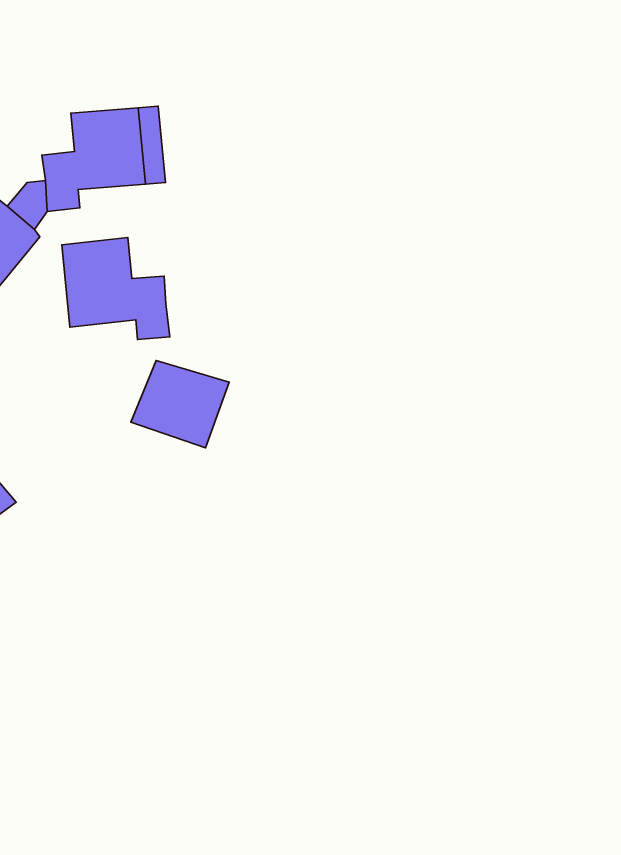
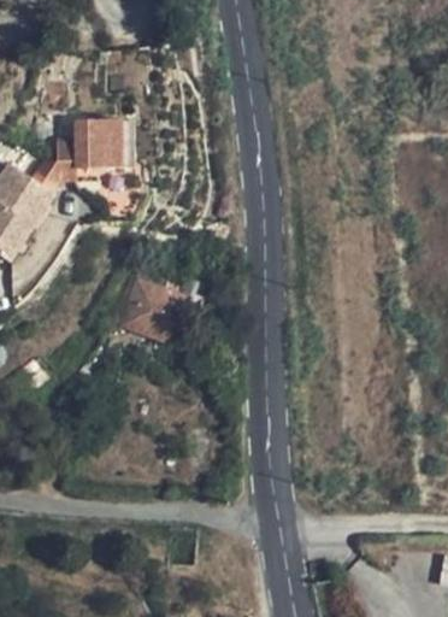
building: [62,237,170,339] -> none

